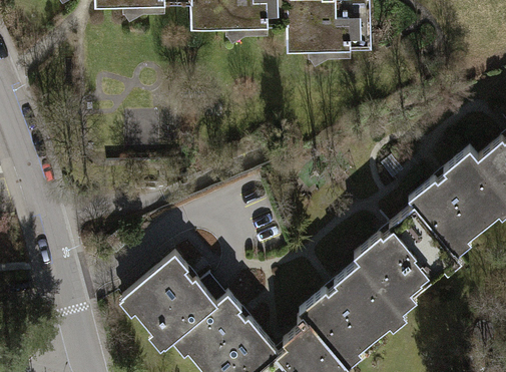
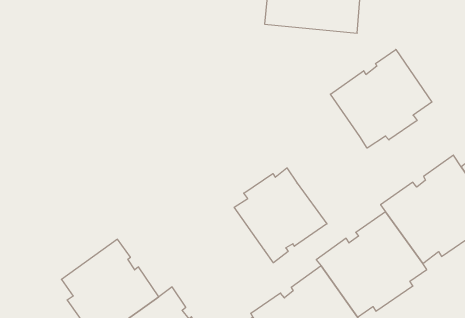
building: none -> [330,49,432,148]
building: none -> [234,168,327,263]

